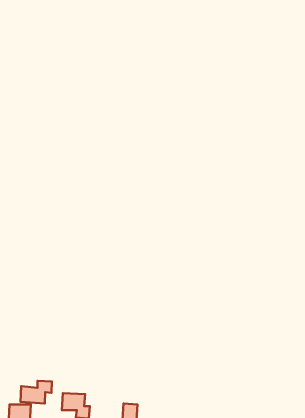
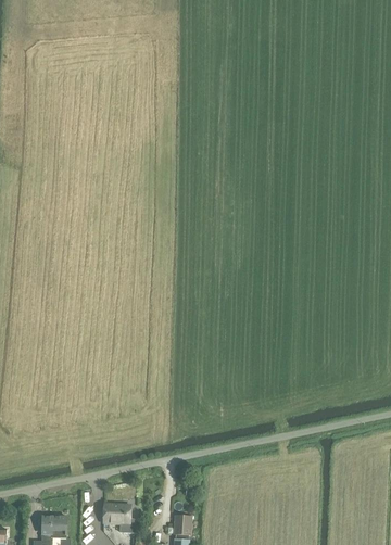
building: [20,381,52,403] -> none

